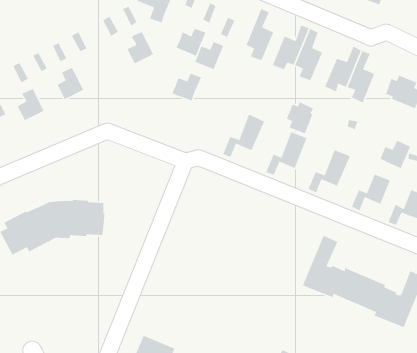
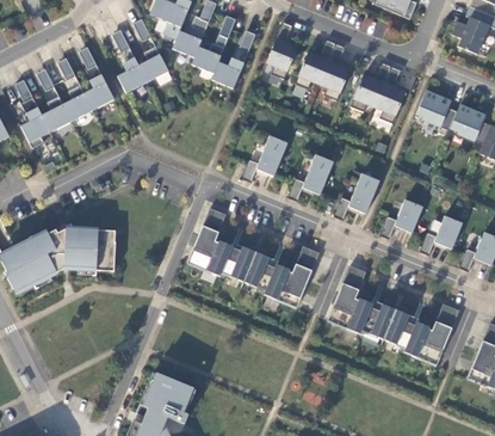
building: none -> [117,56,147,92]
building: none -> [85,73,115,109]
building: [171,73,202,102] -> [172,25,205,56]
building: none -> [42,94,72,131]
building: [286,101,314,134] -> none
building: [379,140,411,169] -> none
building: none -> [187,207,318,307]

